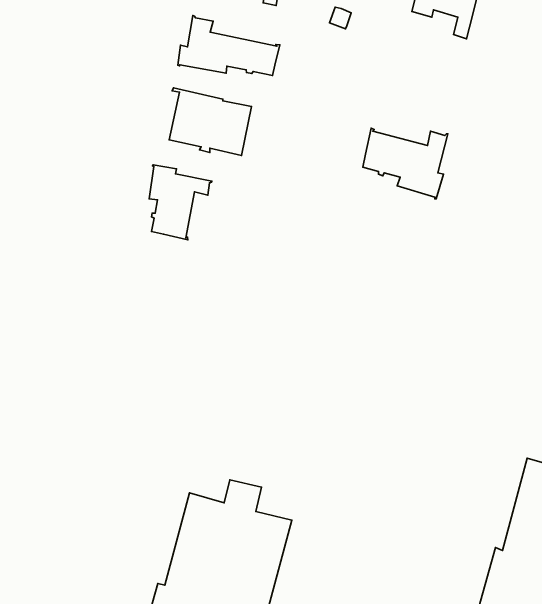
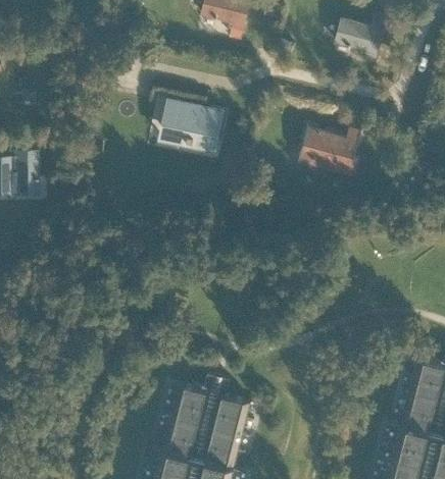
building: [178,16,280,75] -> none
building: [149,165,212,240] -> none

